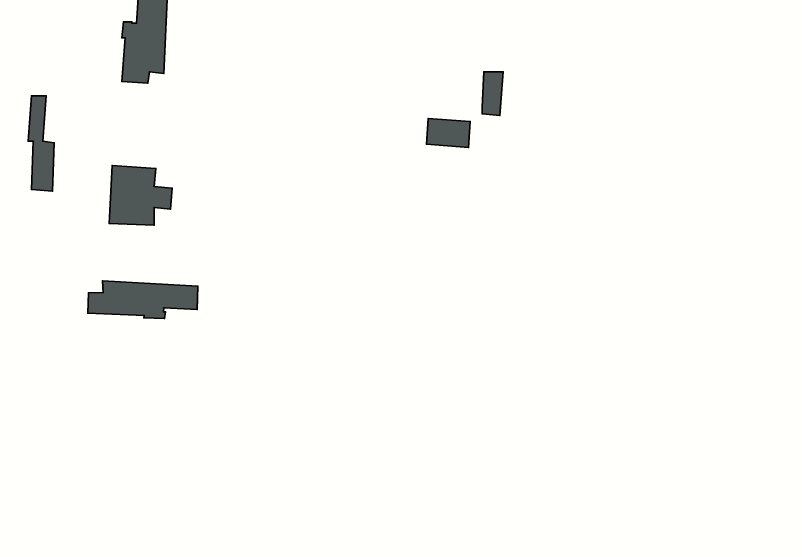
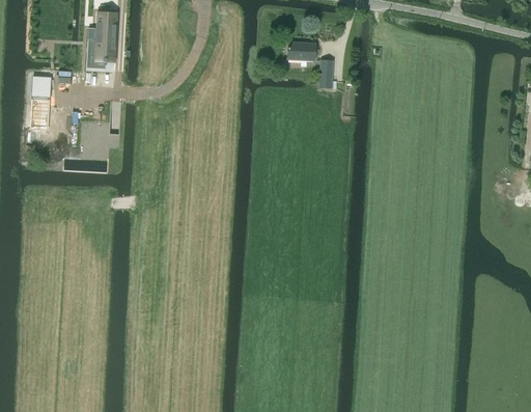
building: [426,118,470,147] -> [287,42,315,60]
building: [88,281,198,318] -> none

